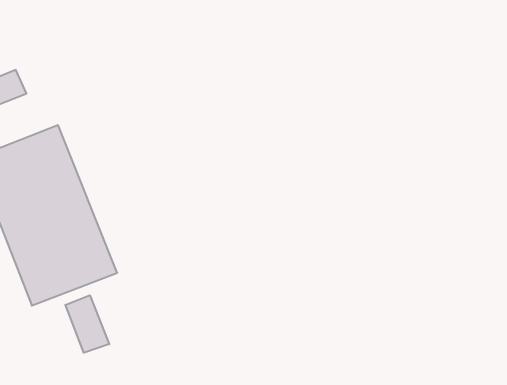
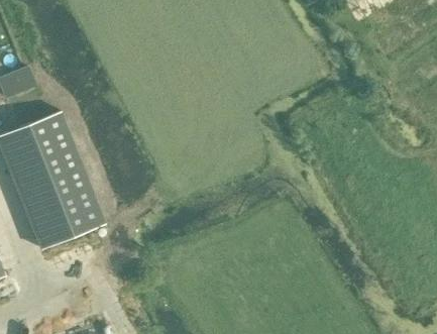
building: [65,295,109,353] -> none

